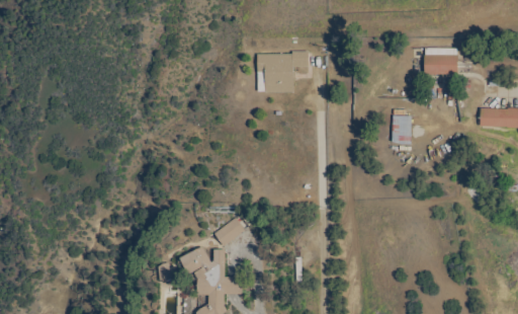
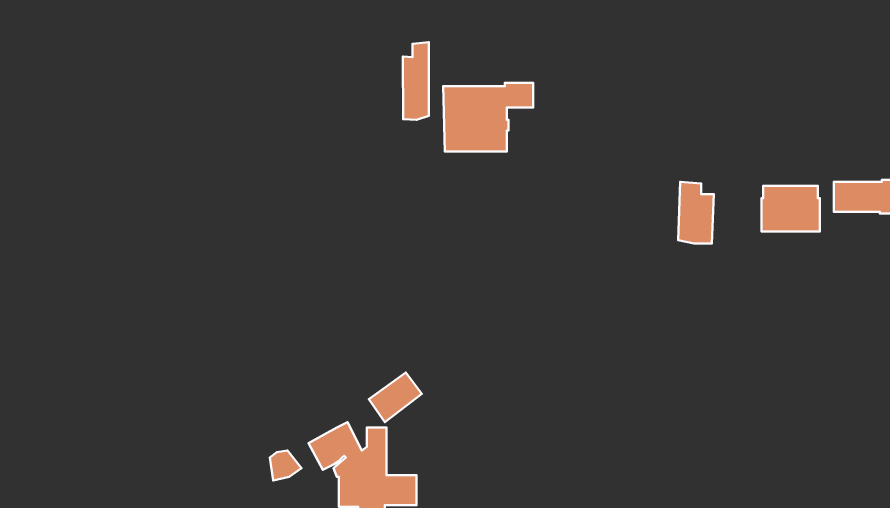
building: none -> [403,42,429,120]
building: [424,48,457,74] -> [761,186,820,232]

